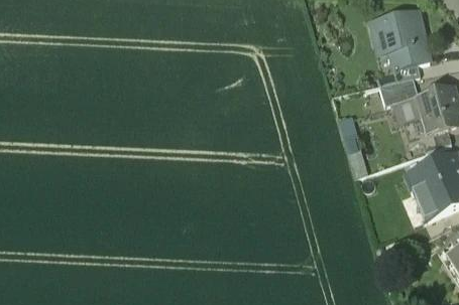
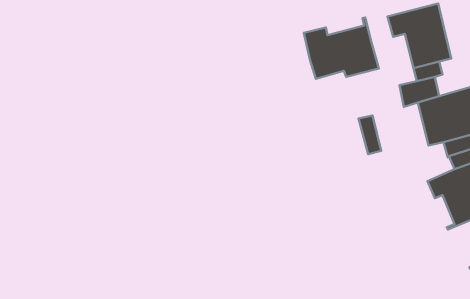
building: none -> [304,17,379,79]

